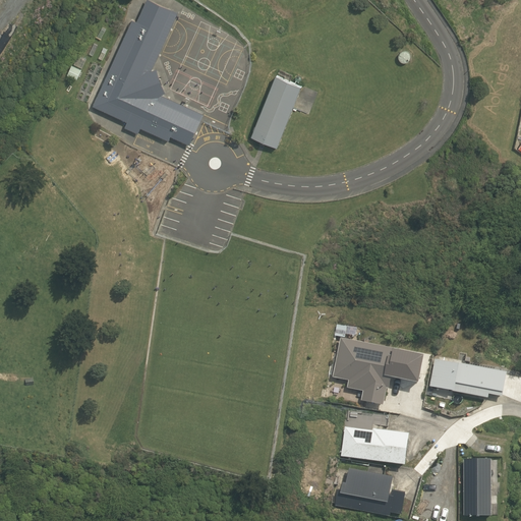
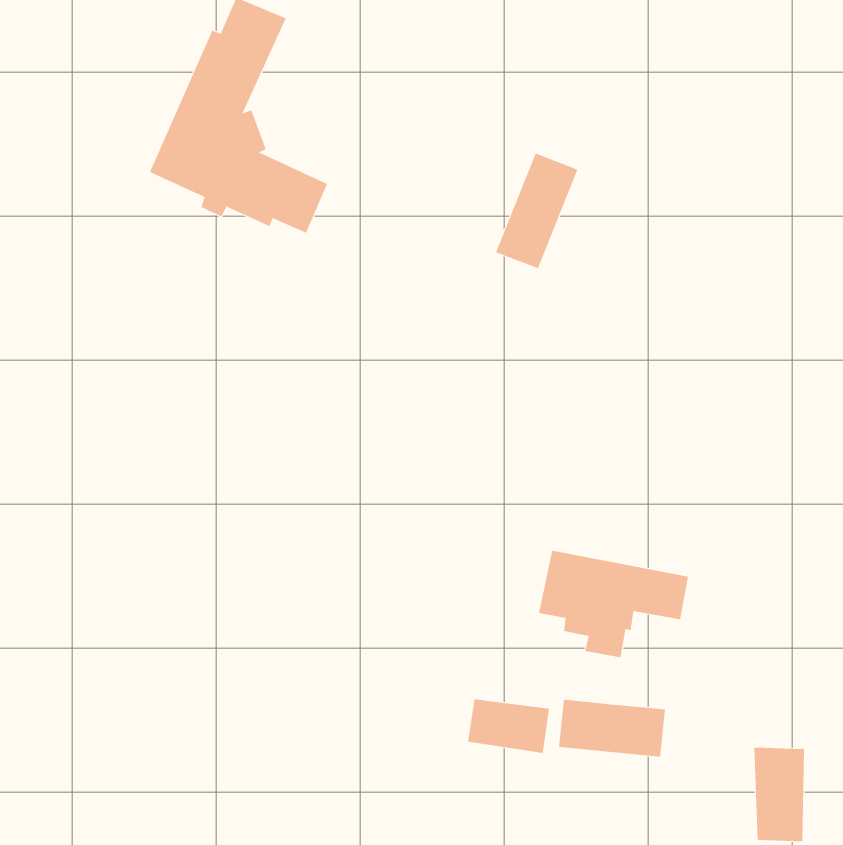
building: [249,74,300,146] -> [495,153,578,269]
building: [427,358,505,397] -> none
building: [349,472,400,506] -> [467,699,550,753]

